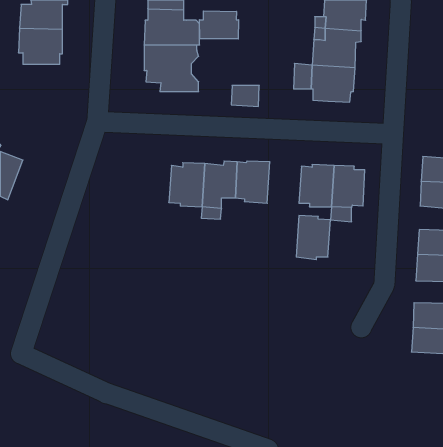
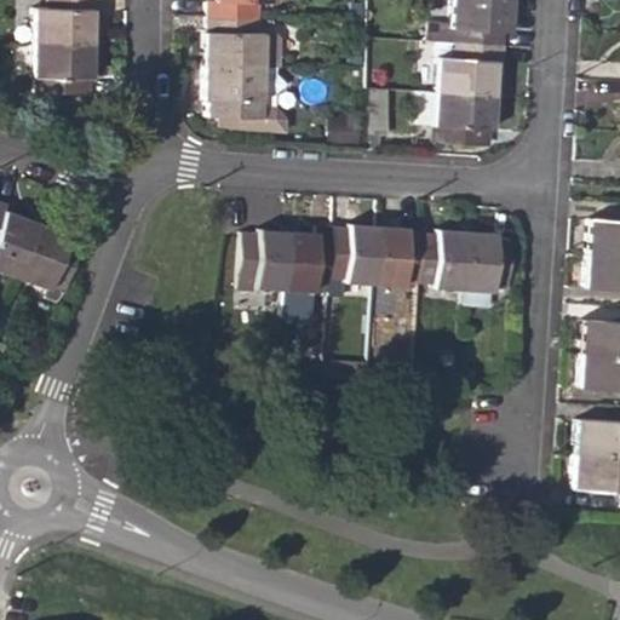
building: [199,11,239,39] -> none
building: none -> [19,224,86,300]
building: [296,216,330,260] -> [377,226,424,287]

